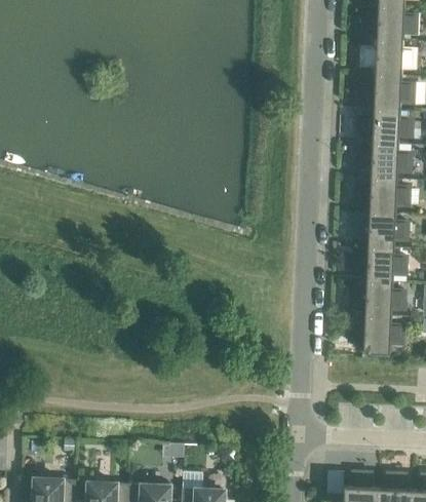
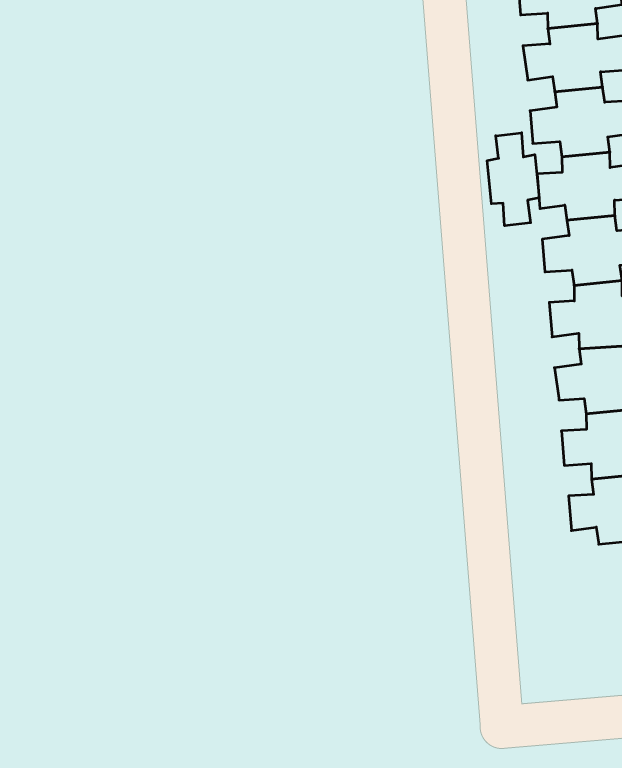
building: none -> [487,133,539,226]

